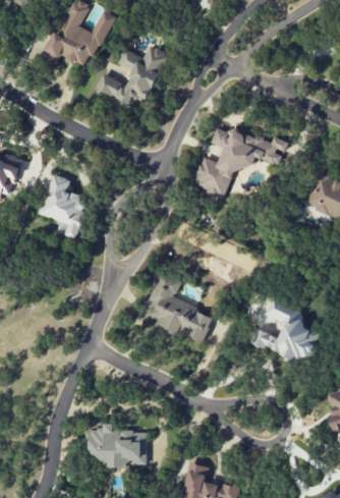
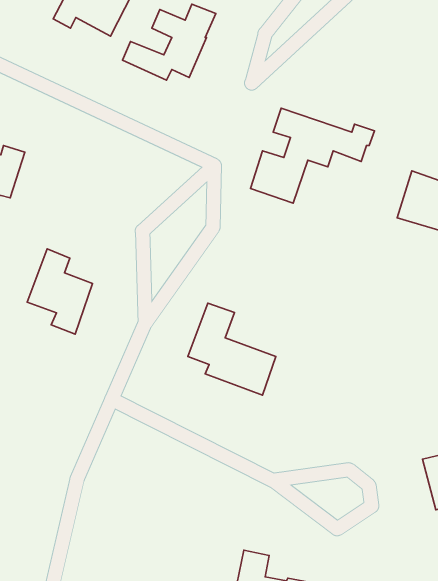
building: [39,173,89,238] -> [27,249,92,334]
building: [250,296,322,366] -> none
building: [84,423,147,466] -> none

